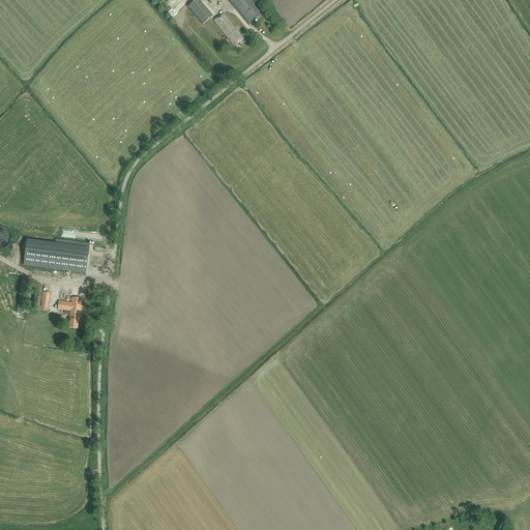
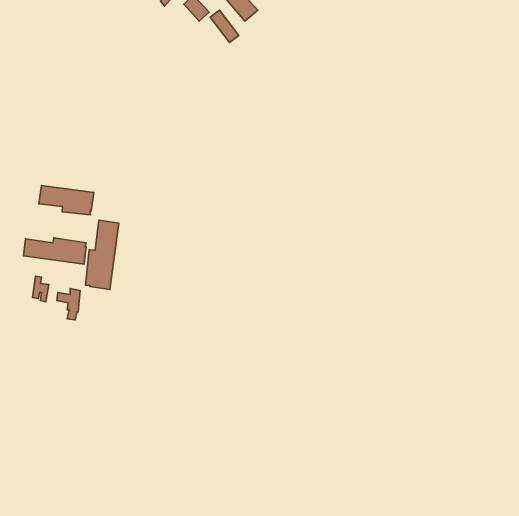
building: none -> [39,185,94,215]
building: none -> [85,220,119,289]

